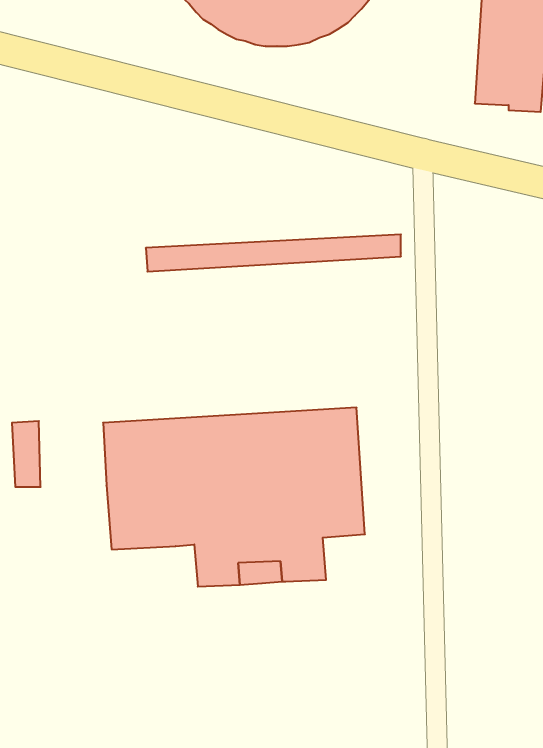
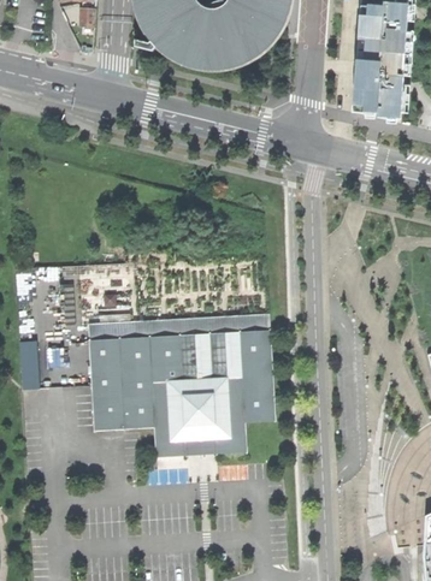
building: [146,234,401,272] -> [88,314,270,340]

